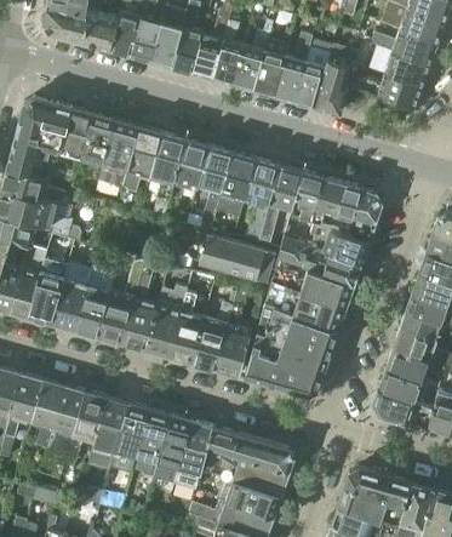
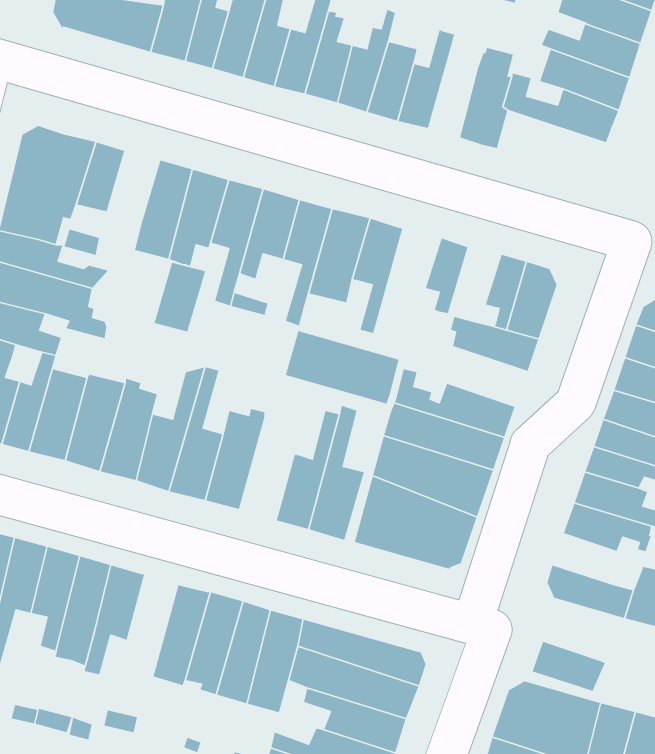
building: [294,44,331,105] -> none
building: [80,114,115,161] -> [153,262,206,333]
building: [258,166,303,240] -> none
building: [308,178,343,227] -> none
building: [276,236,361,285] -> none
building: [168,292,205,361] -> none
building: [377,370,427,404] -> [532,641,606,692]
building: [87,396,127,468] -> none

